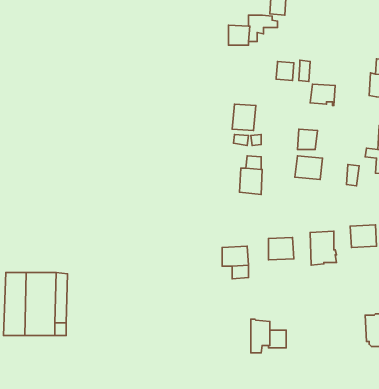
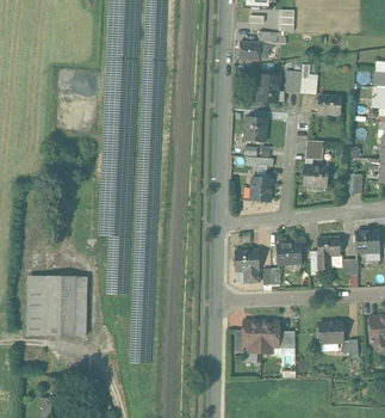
building: none -> [257,74,285,103]
building: none -> [243,320,261,352]
building: none -> [321,321,344,345]

